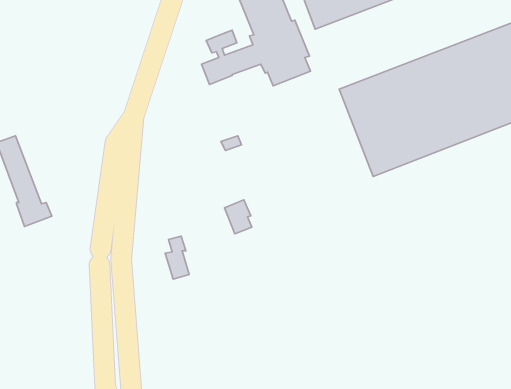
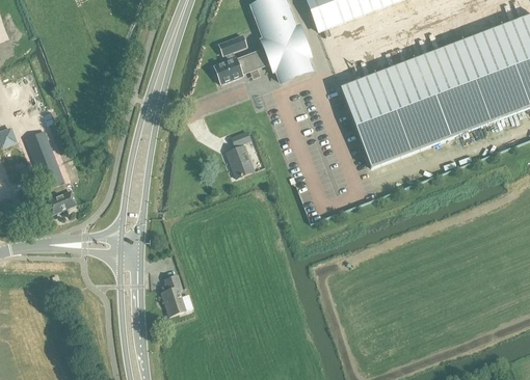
building: [225,200,252,234] -> [227,143,251,174]
building: [165,236,189,279] -> [162,273,184,313]

